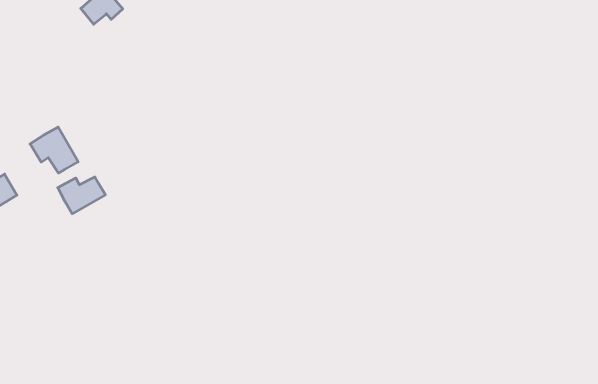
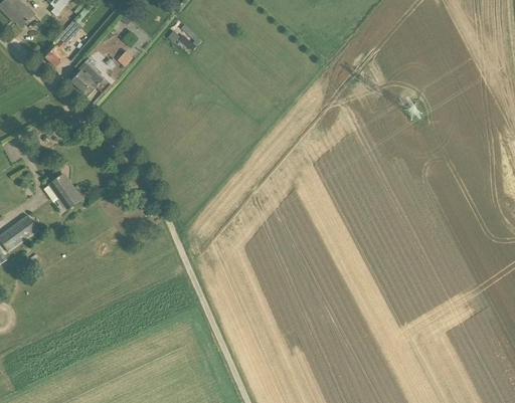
building: [58,177,105,214] -> none

